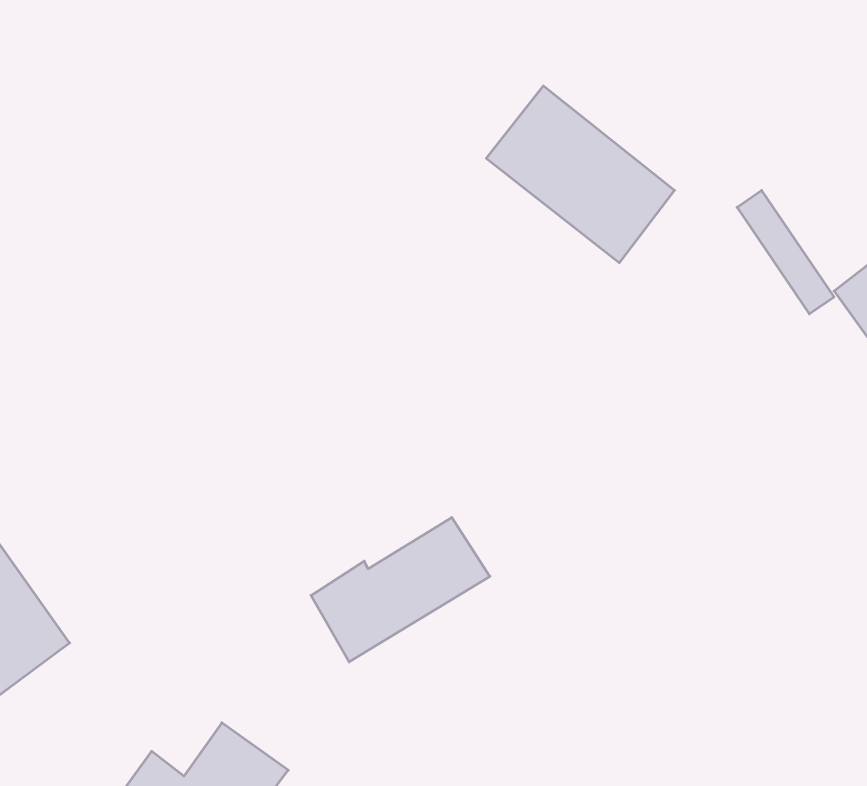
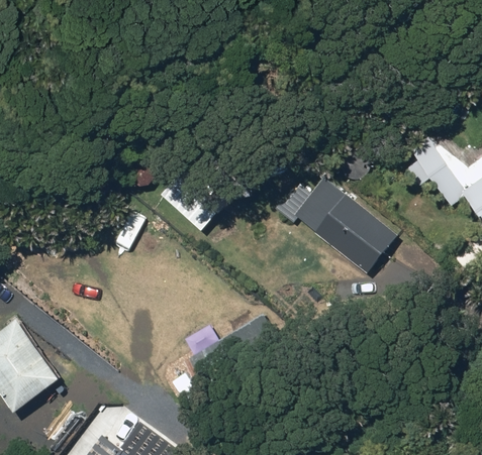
building: [486,86,675,263] -> [295,179,395,272]

